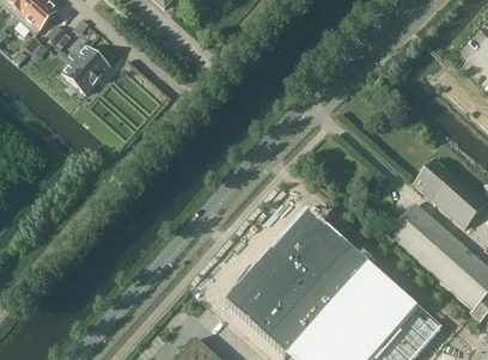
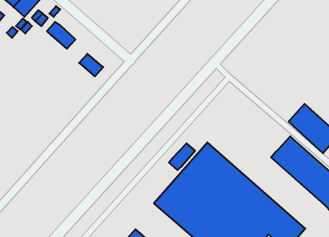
building: [65,57,99,90] -> [79,54,103,76]
building: none -> [169,143,195,170]

